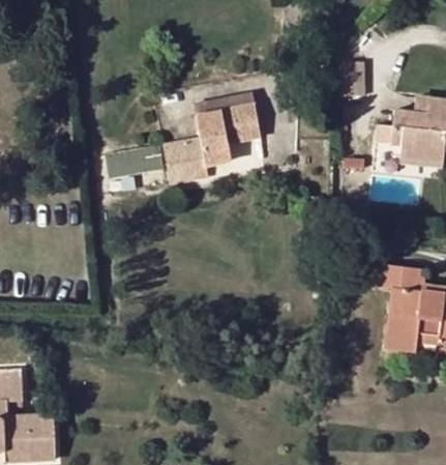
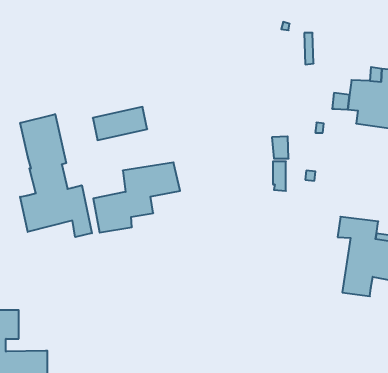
building: [163,105,261,183] -> [93,162,180,233]
building: none -> [20,114,92,237]

